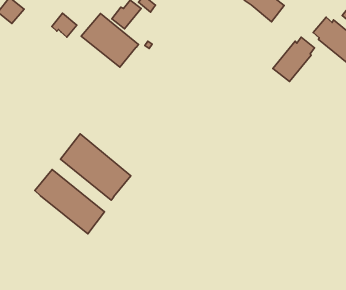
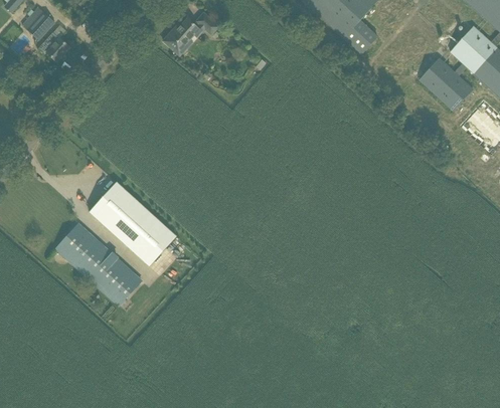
building: [52,13,77,37] -> [38,31,69,61]
building: [81,13,138,67] -> none
building: [273,37,315,81] -> none

